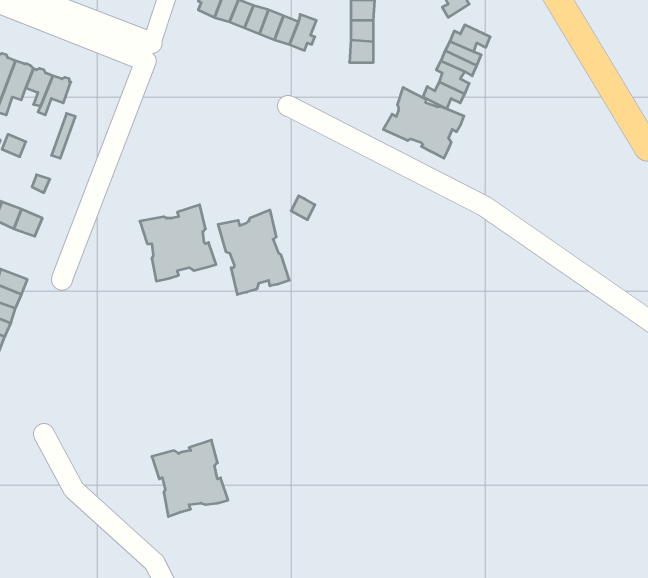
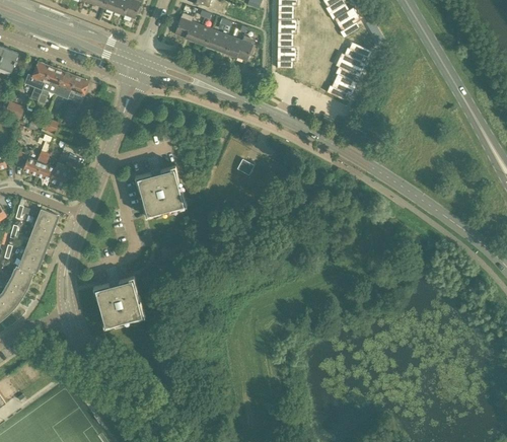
building: [383,87,464,158] -> none
building: [218,210,289,295] -> none
building: [152,440,228,517] -> [93,276,145,327]

